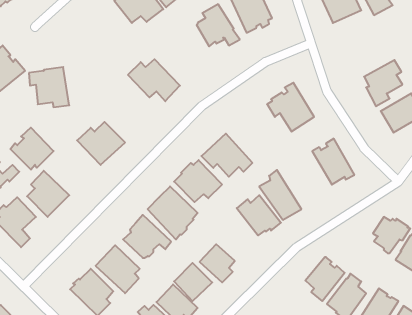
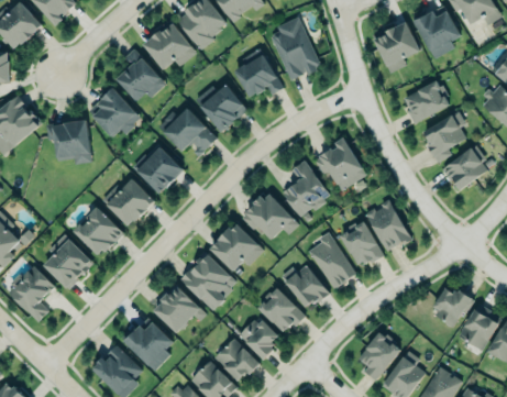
building: none -> [117,48,167,99]
building: none -> [403,81,451,123]
building: none -> [88,84,142,137]
building: none -> [195,86,249,133]
building: none -> [132,144,185,191]
building: none -> [282,159,331,222]
building: [10,128,54,170] -> [75,206,123,253]
building: none -> [341,220,384,263]
building: none -> [257,286,306,331]

